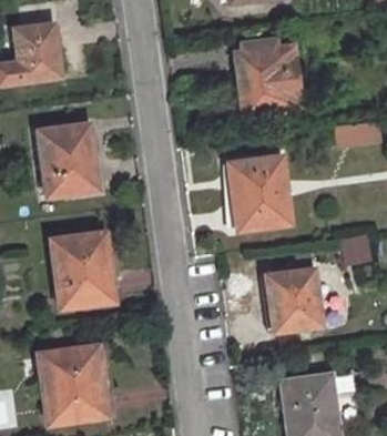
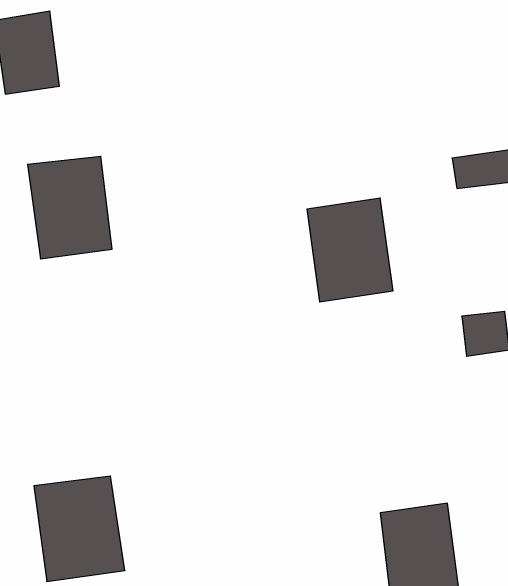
building: [236,42,322,114] -> none
building: [50,234,112,306] -> none
building: [266,263,320,326] -> none

